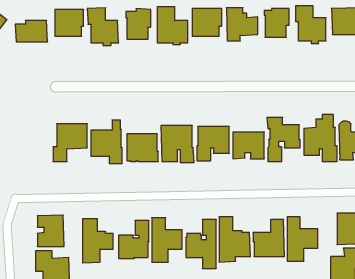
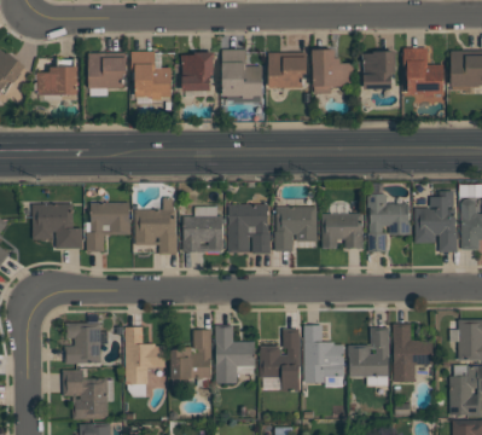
building: none -> [31,204,82,249]

